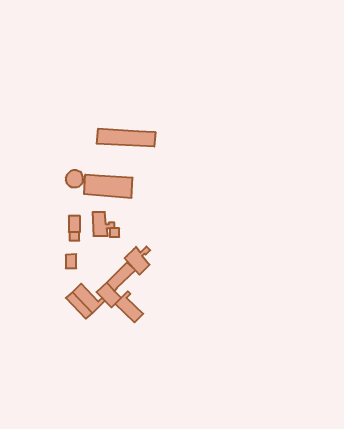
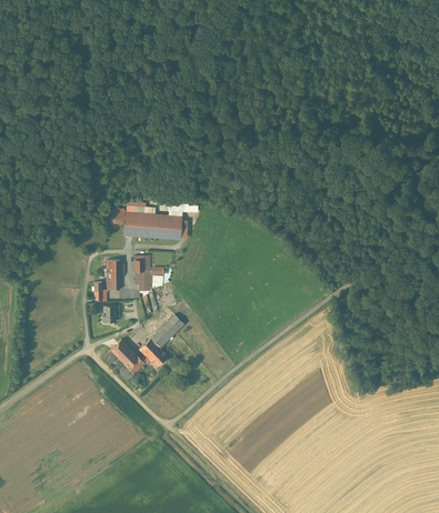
building: [97,129,155,147] -> none
building: [125,246,150,275] -> none
building: [115,291,143,322] -> none

